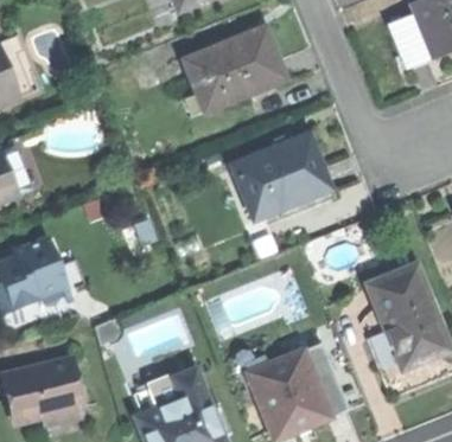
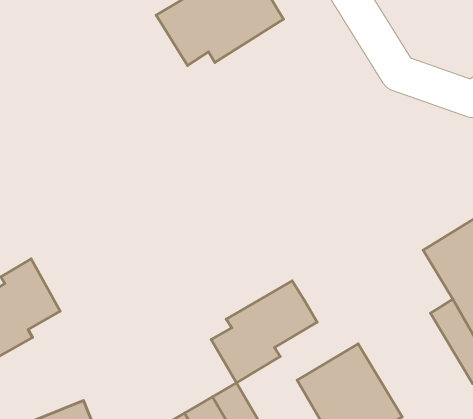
building: [234,133,337,220] -> none
building: none -> [211,281,317,383]

